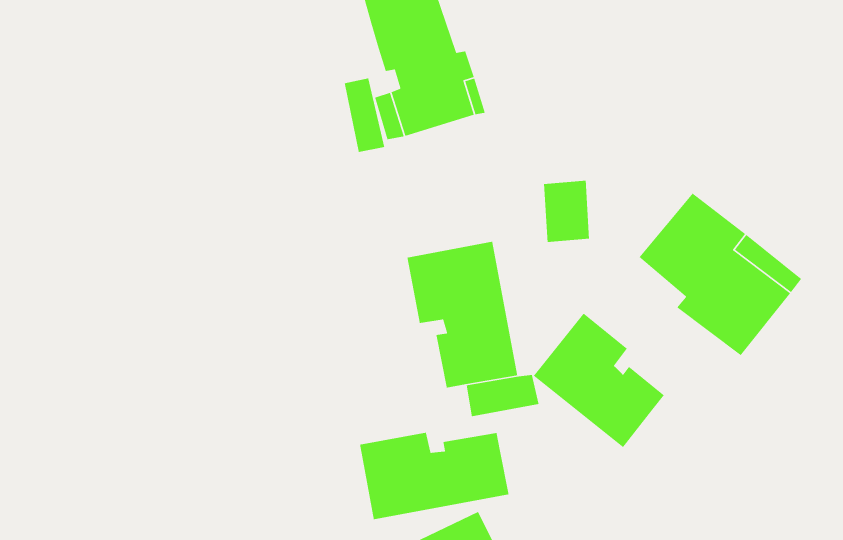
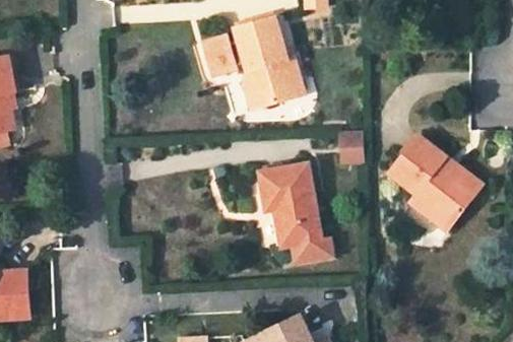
building: none -> [206,33,243,72]
building: [533,313,665,448] -> none
building: [359,432,510,520] -> none

